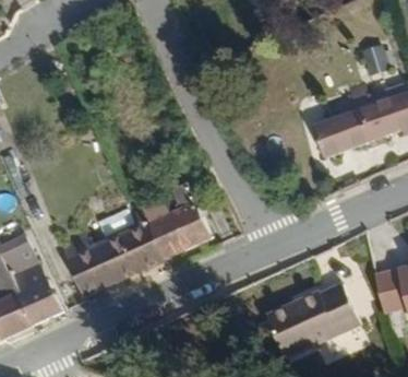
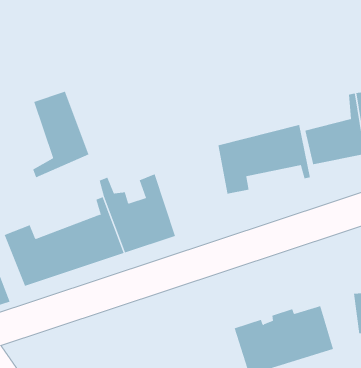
building: none -> [32,91,89,178]
building: none -> [218,124,310,194]

